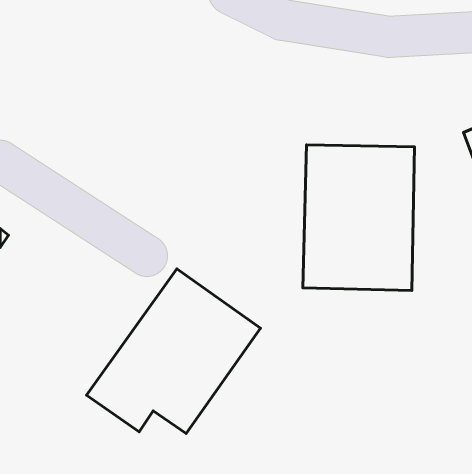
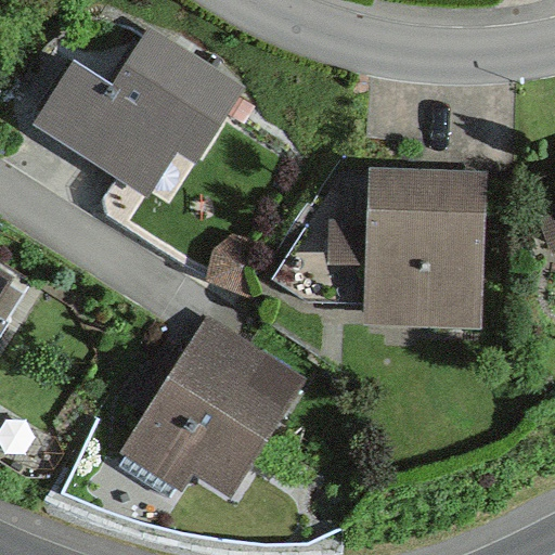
building: none -> [27,25,255,194]

